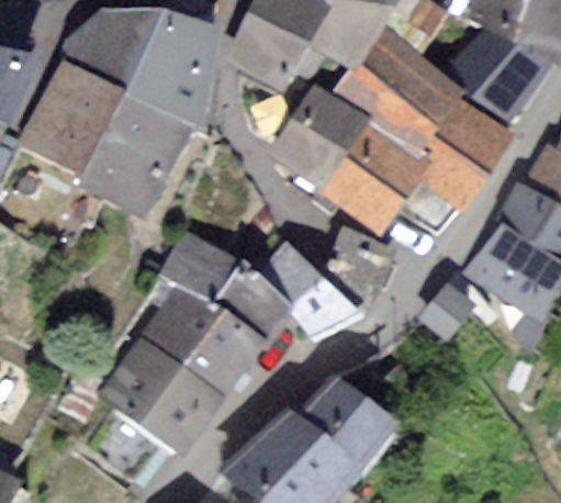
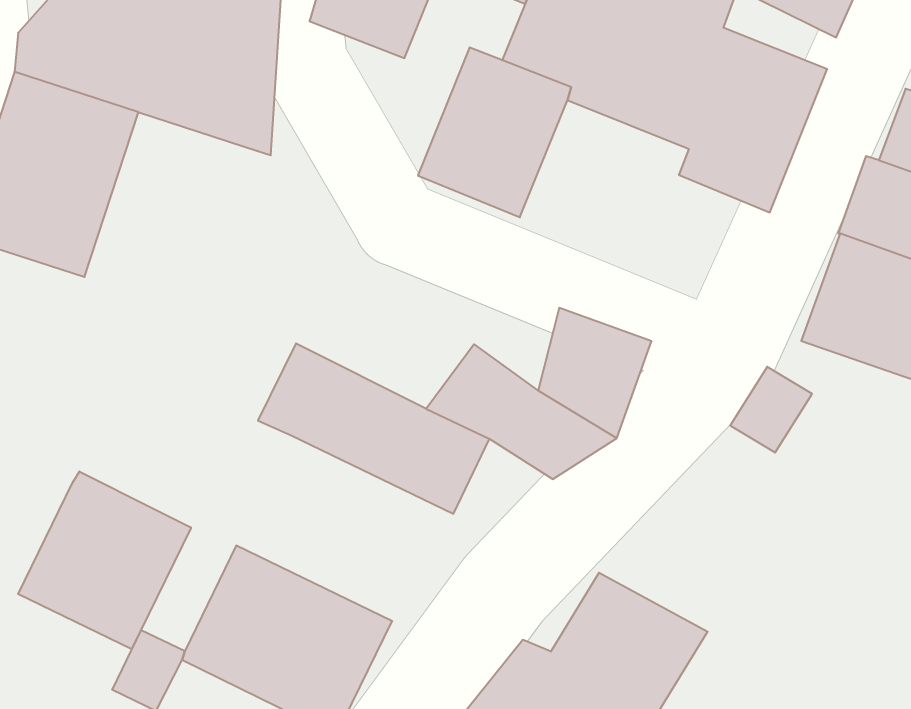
building: [82,92,190,213] -> none
building: [322,124,424,228] -> none
building: [143,281,263,399] -> none
building: none -> [18,471,191,649]

